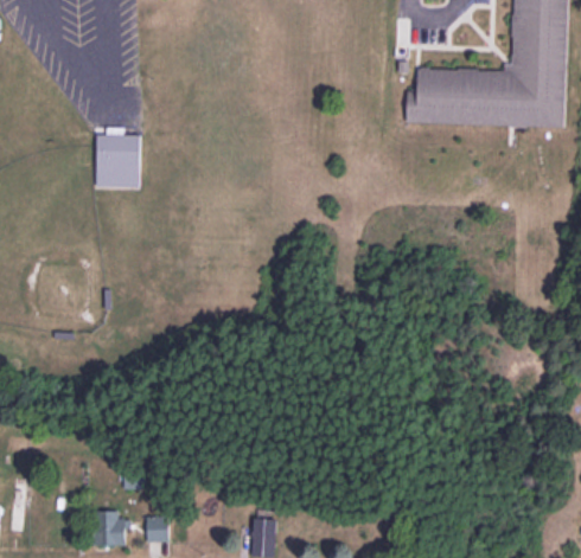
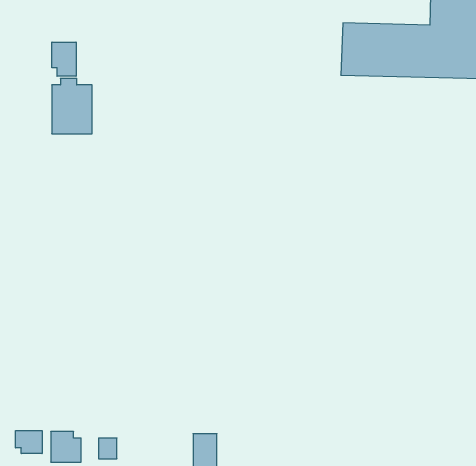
building: none -> [52,42,76,76]
building: none -> [16,431,42,454]

